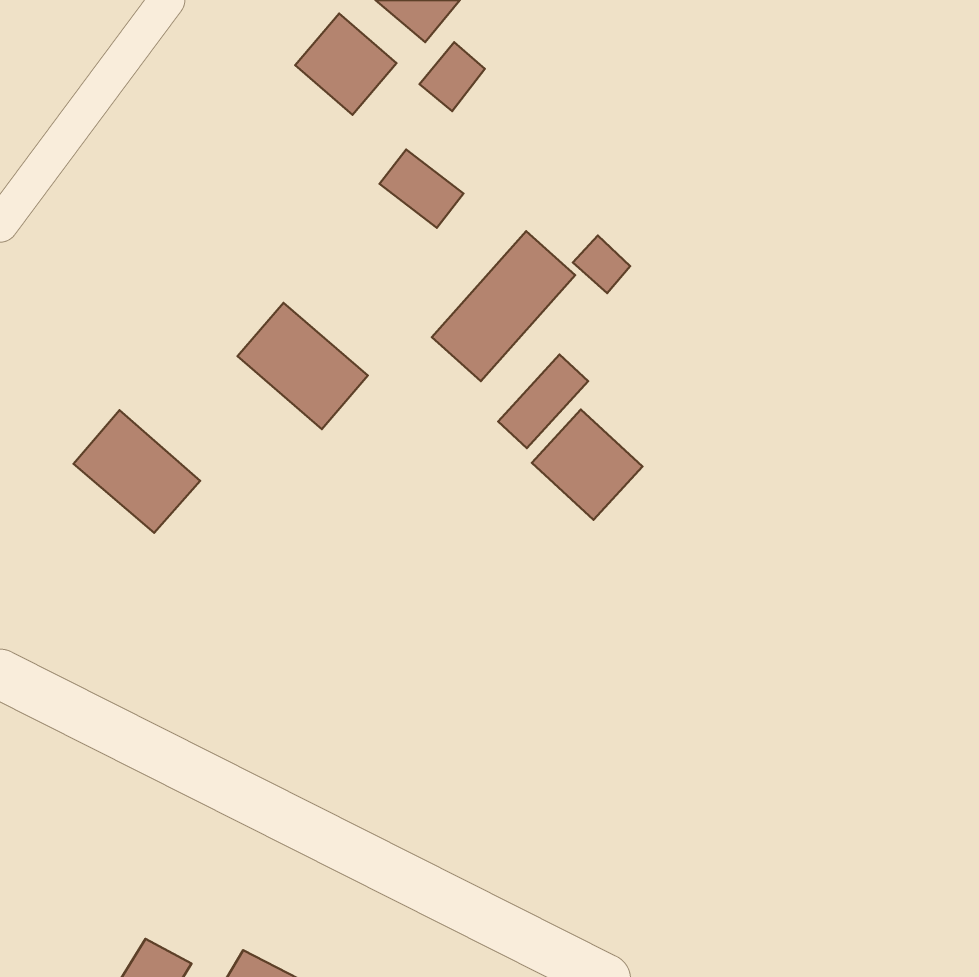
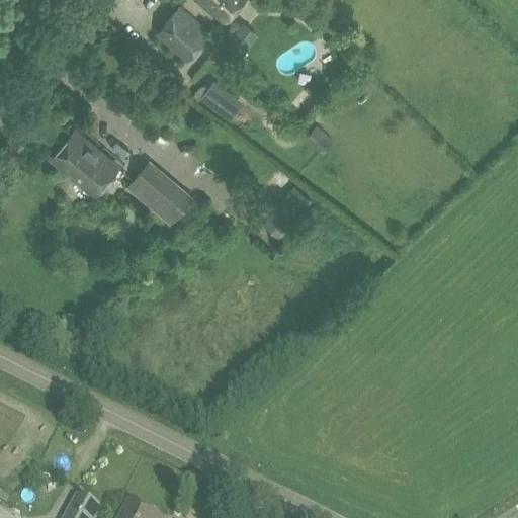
building: [432,231,575,381] -> none
building: [532,409,642,520] -> none
building: [74,410,200,533] -> [52,130,118,194]

